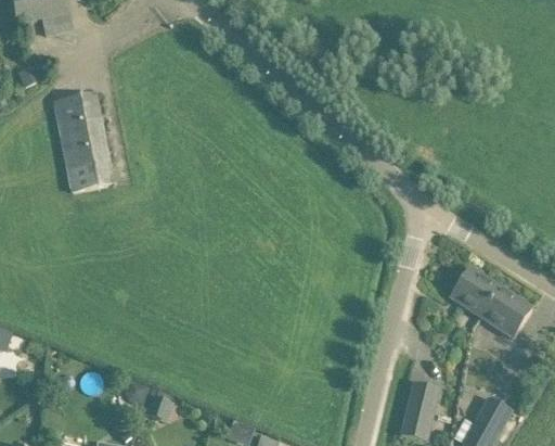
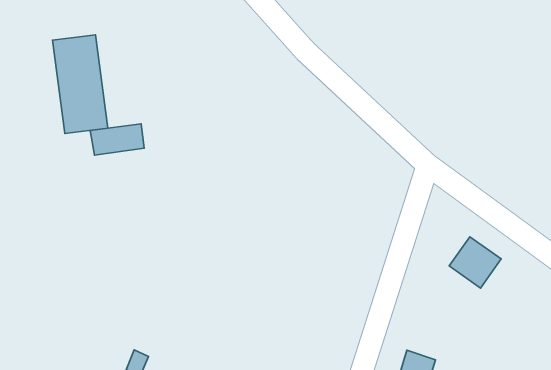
building: none -> [90,124,144,155]
building: [481,285,532,336] -> none

